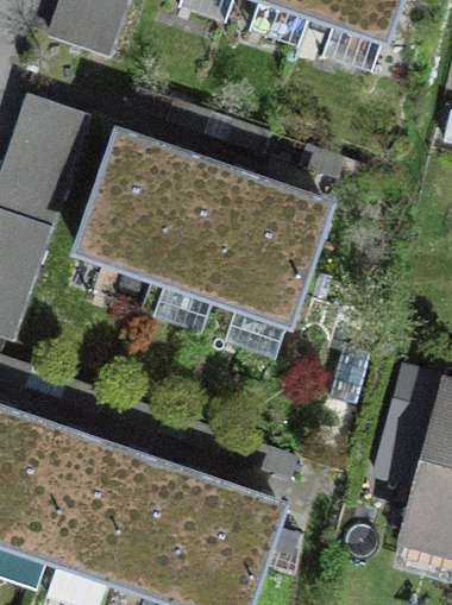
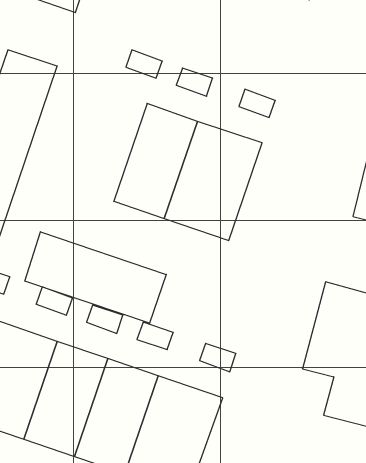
building: [79,136,193,276] -> none
building: none -> [25,232,166,323]

